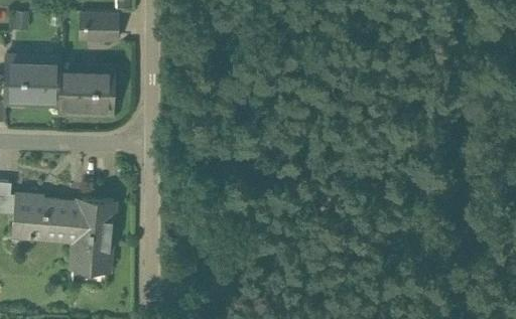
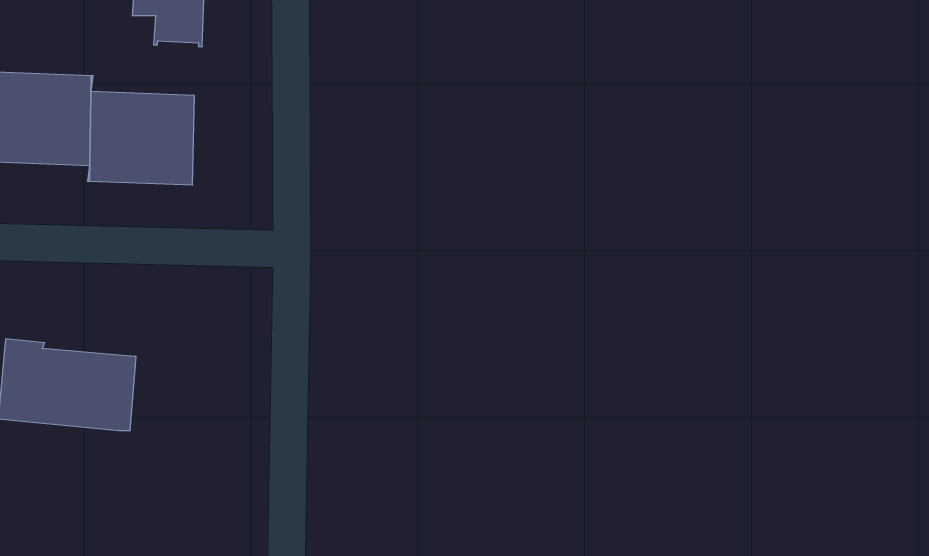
building: [72,198,114,272] -> none

